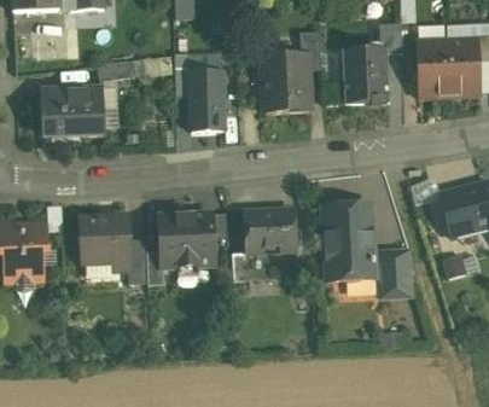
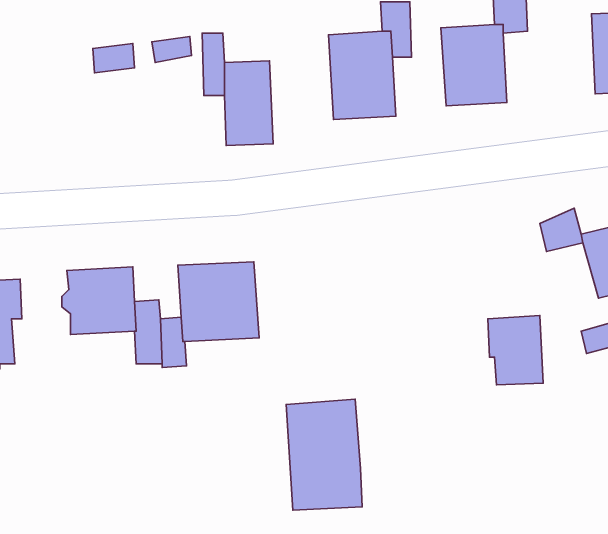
building: [415,39,449,95] -> none
building: [41,83,104,135] -> none
building: [322,203,376,280] -> [286,399,362,510]
building: [241,209,296,251] -> none

